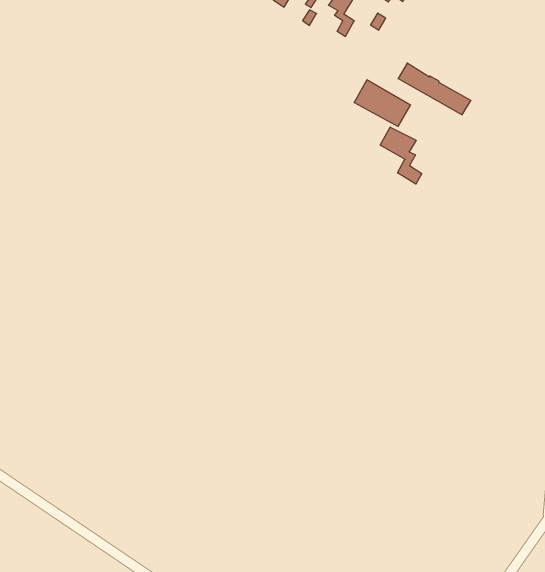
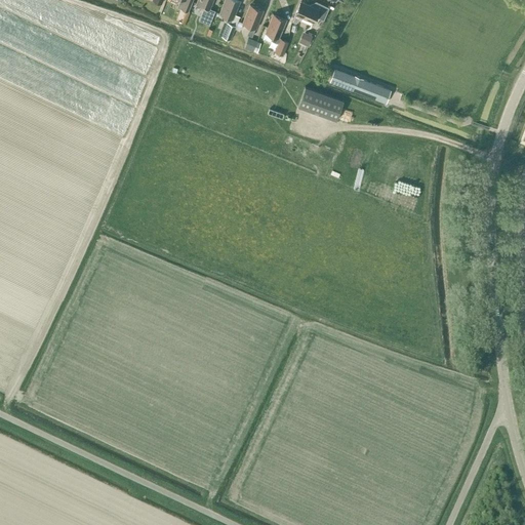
building: [380,127,422,184] -> none

